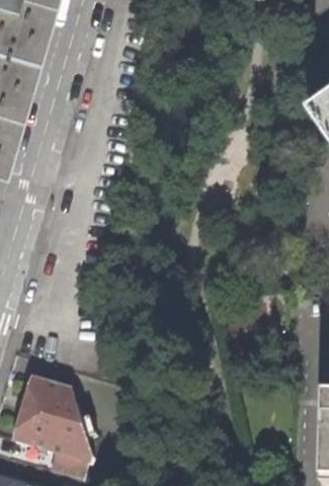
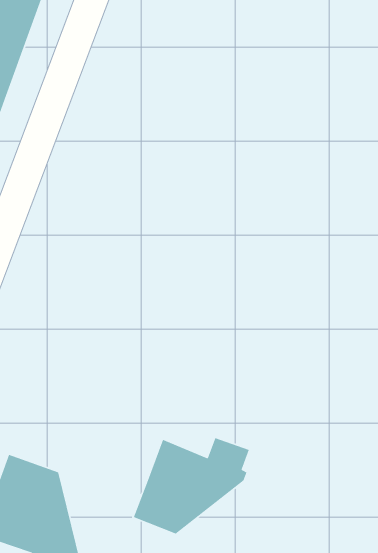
building: none -> [133,437,250,535]

